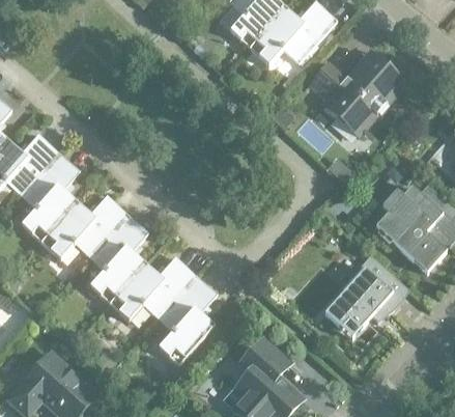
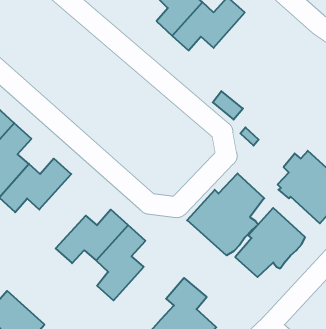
building: [308,52,405,137] -> none
building: none -> [187,173,264,255]
building: [89,214,148,303] -> none

